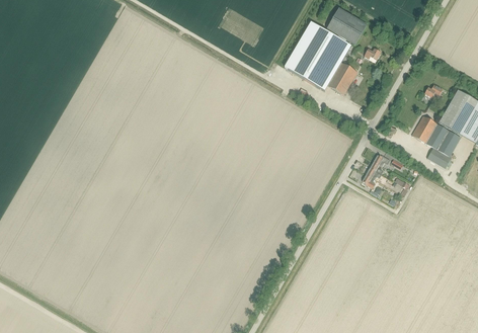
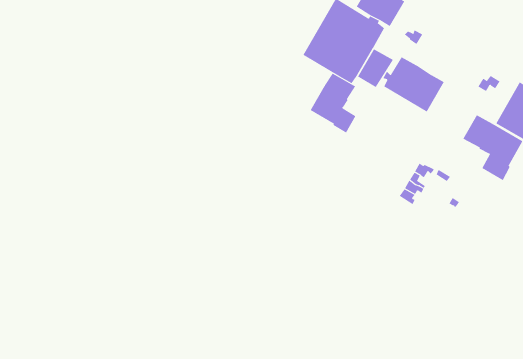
building: none -> [382,56,445,112]
building: none -> [310,73,356,134]

